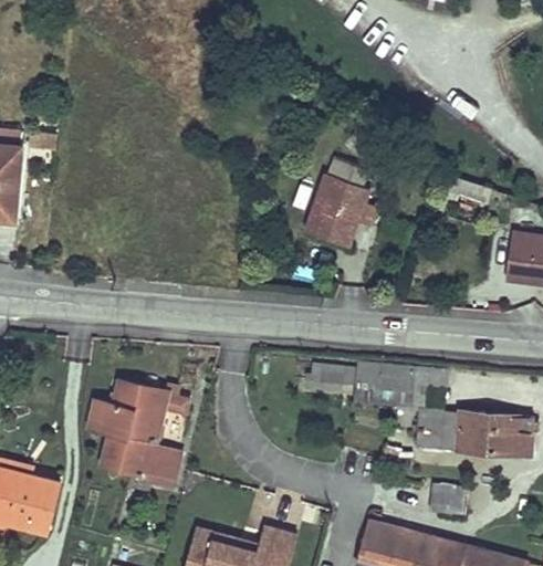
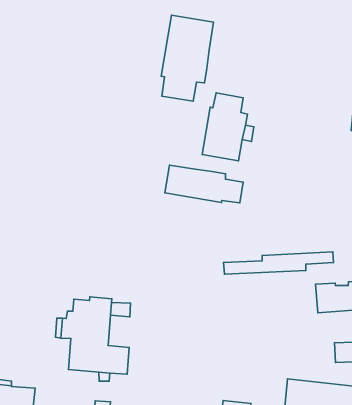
building: none -> [161,15,213,101]
building: none -> [165,165,243,203]

